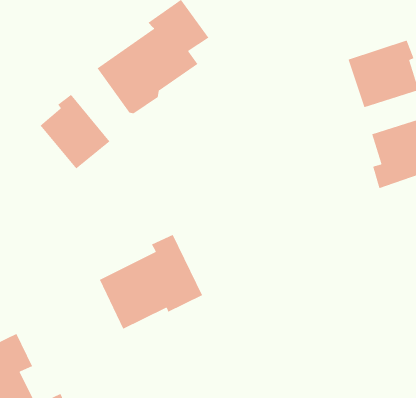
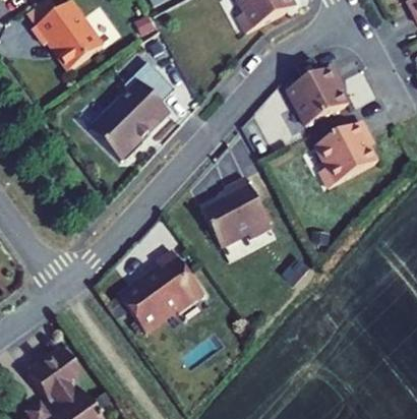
building: [39,94,110,169] -> none
building: none -> [199,176,271,246]

